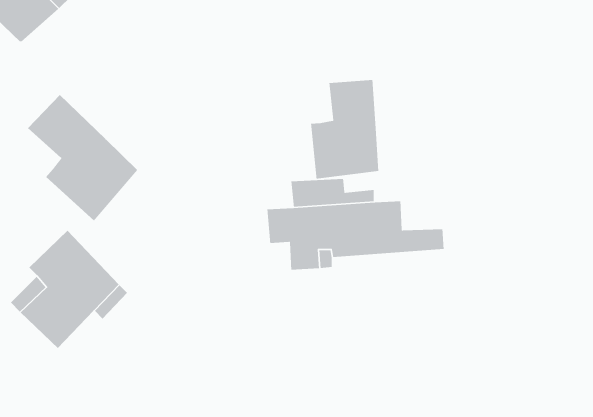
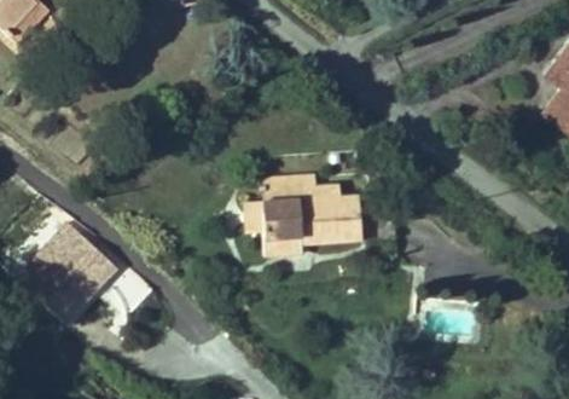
building: [310,79,379,179] -> none
building: [27,94,138,222] -> none

